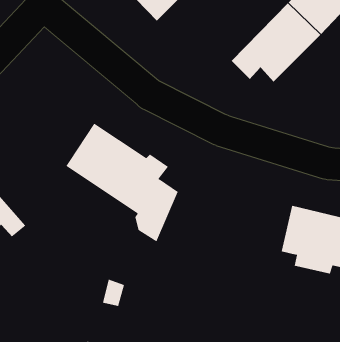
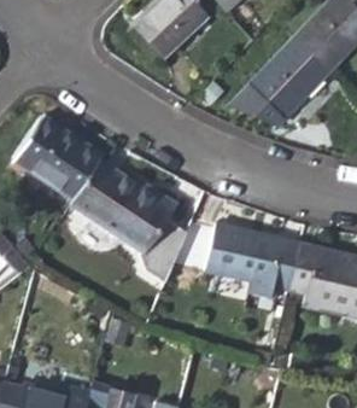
building: none -> [14,117,103,199]
building: none -> [205,223,300,297]

